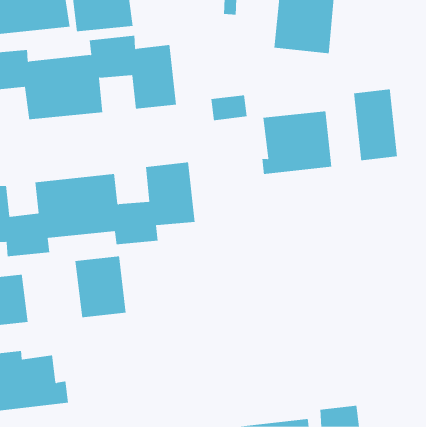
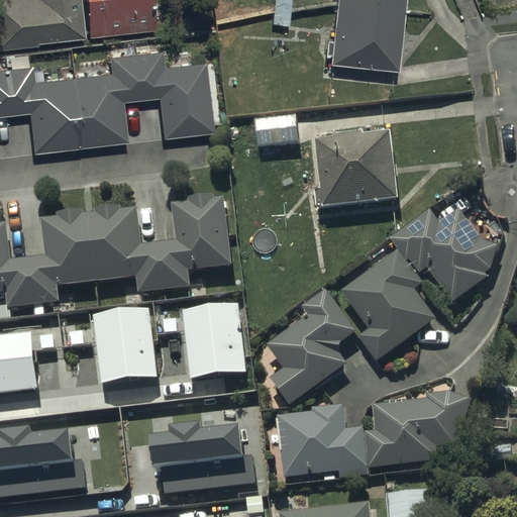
building: [354,89,397,161] -> none
building: none -> [341,208,498,359]
building: none -> [267,289,355,405]
building: none -> [179,301,241,376]
building: none -> [276,392,471,477]
building: none -> [144,419,252,493]

